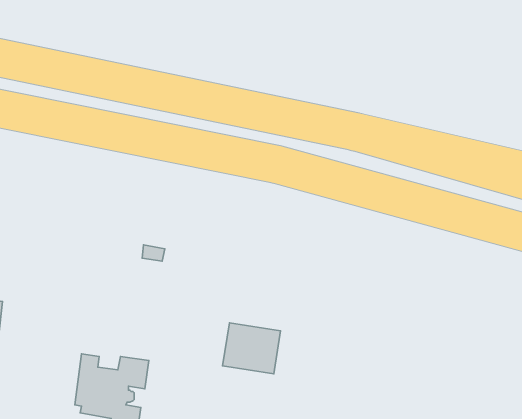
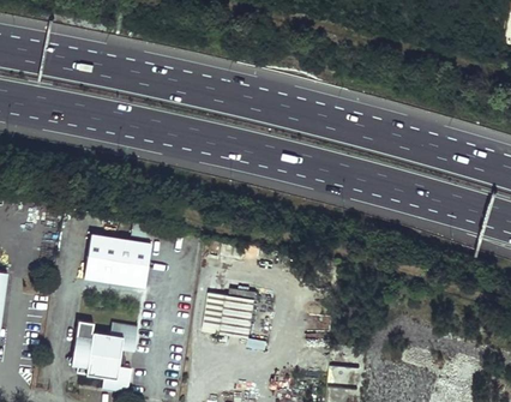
building: none -> [82,235,149,287]

